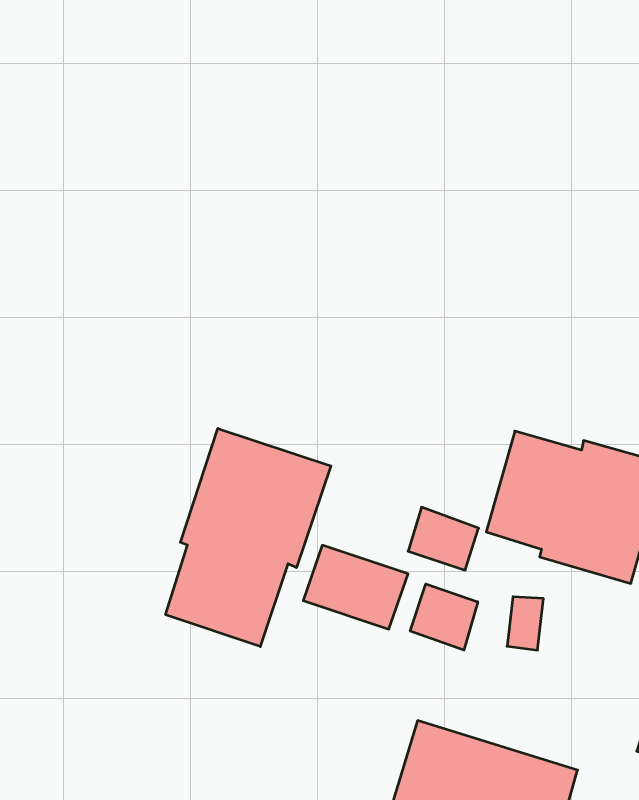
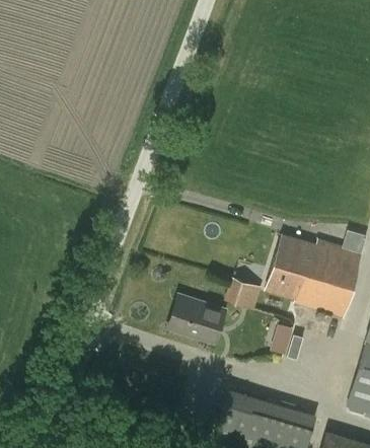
building: [166,428,331,647] -> none
building: [410,584,478,650] -> none

